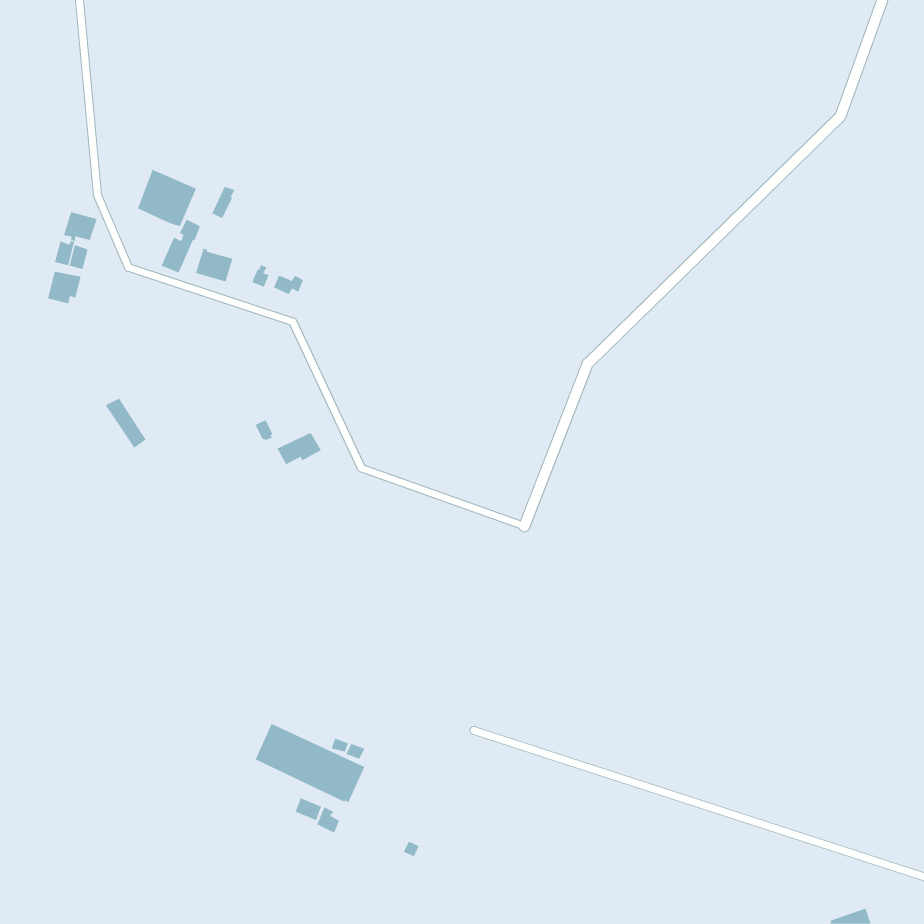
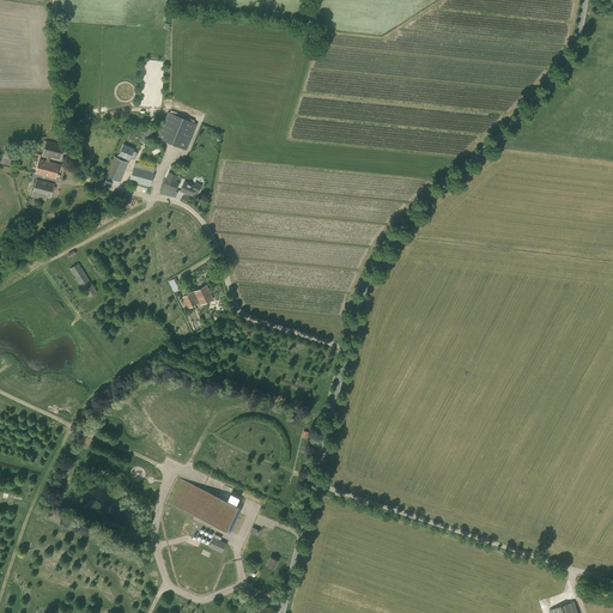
building: [137,169,197,227] -> [158,111,198,150]

